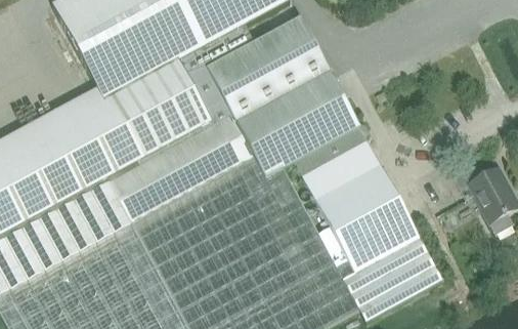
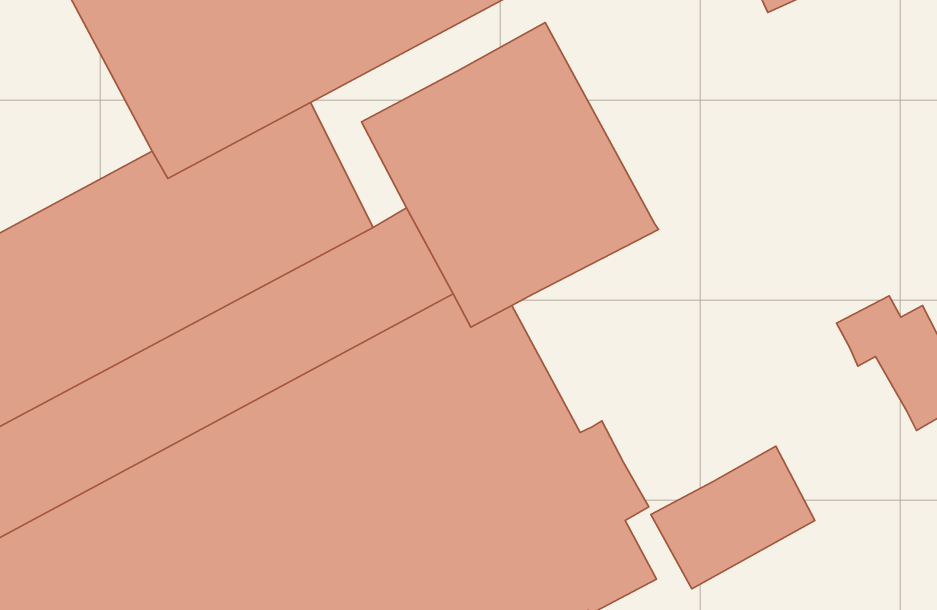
building: [178,26,255,127] -> none
building: [295,124,420,274] -> none

